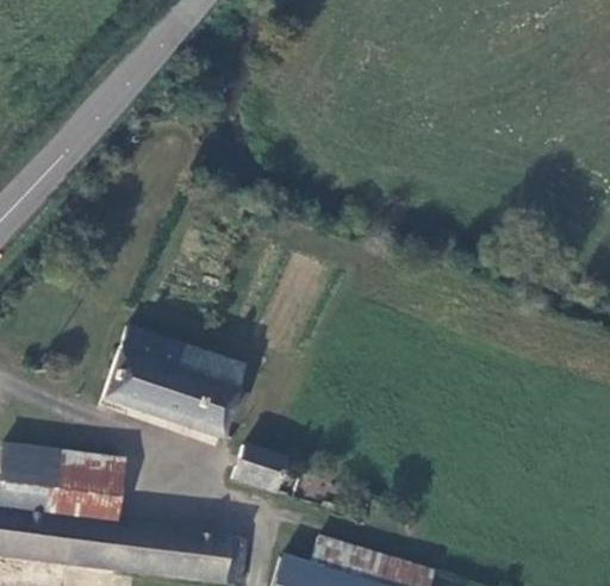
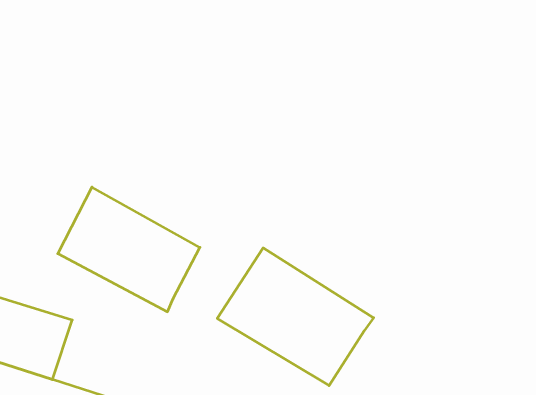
building: none -> [217,248,374,386]
building: [230,445,284,495] -> none

